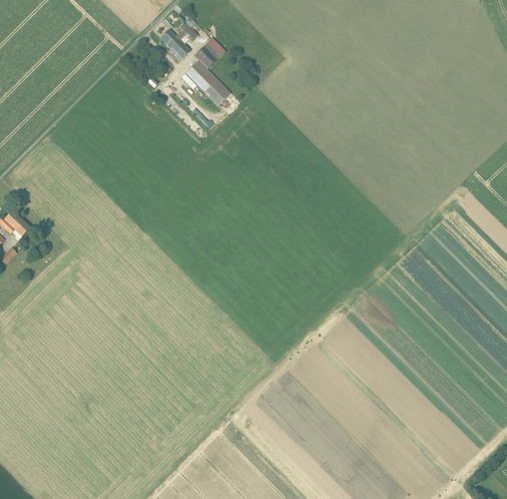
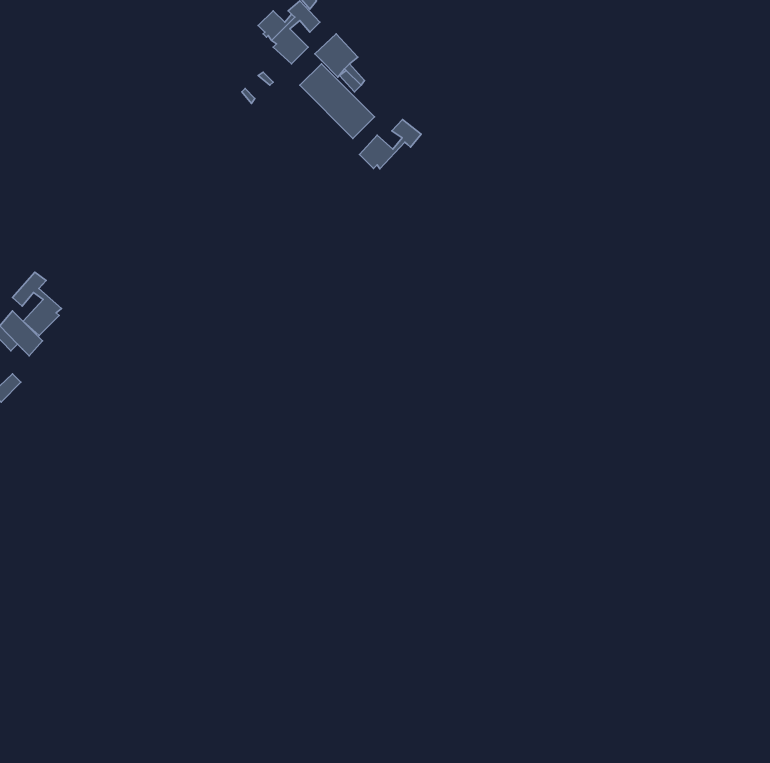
building: none -> [359,119,421,169]
building: none -> [13,272,61,336]

